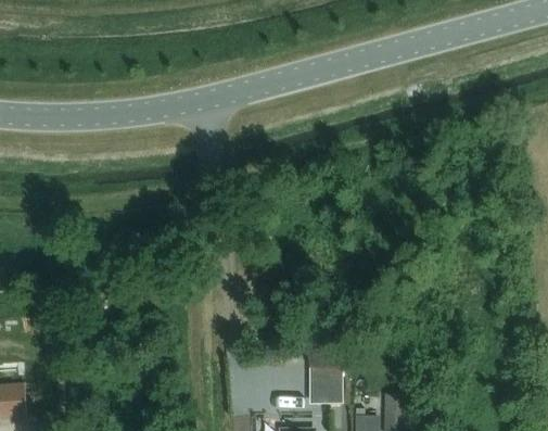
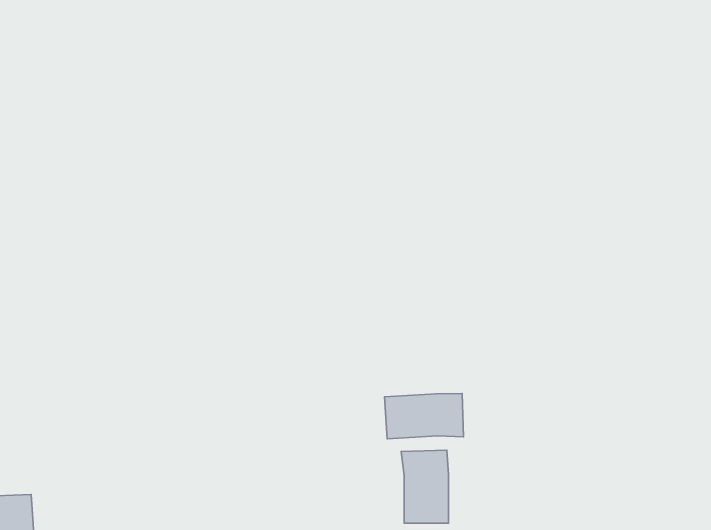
building: none -> [384,394,463,439]

